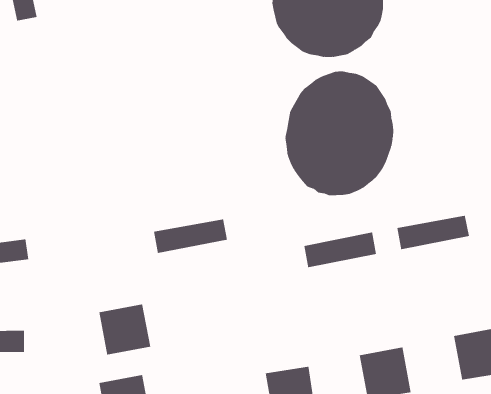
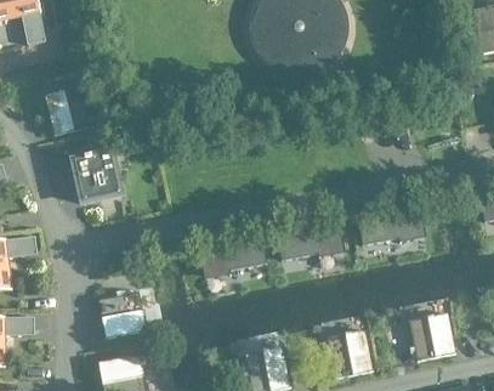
building: none -> [45,87,92,136]
building: [285,71,394,196] -> none
building: none -> [74,152,123,203]
building: [153,219,228,254] -> [203,244,268,274]

